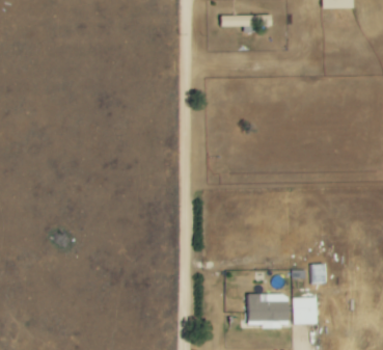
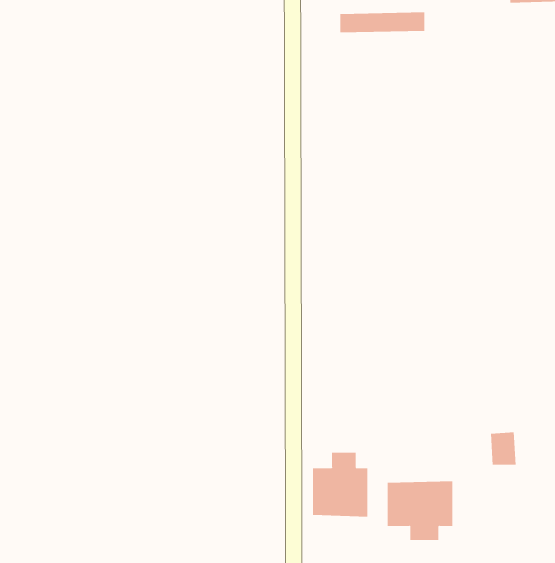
building: none -> [313,452,368,518]
building: [292,297,317,324] -> none

